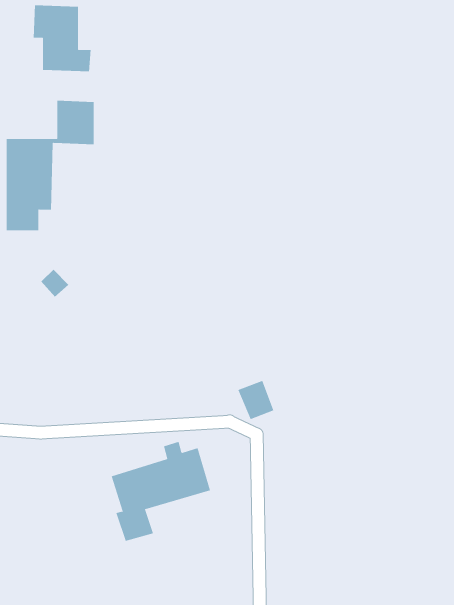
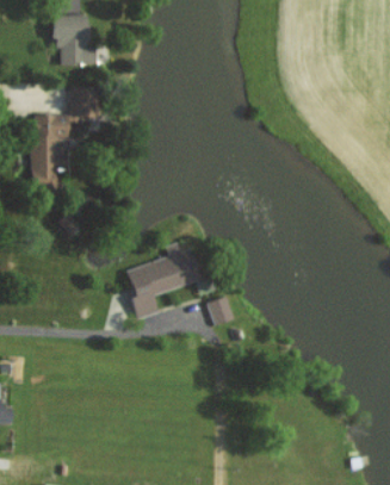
building: [111,441,211,541] -> [128,243,203,318]

